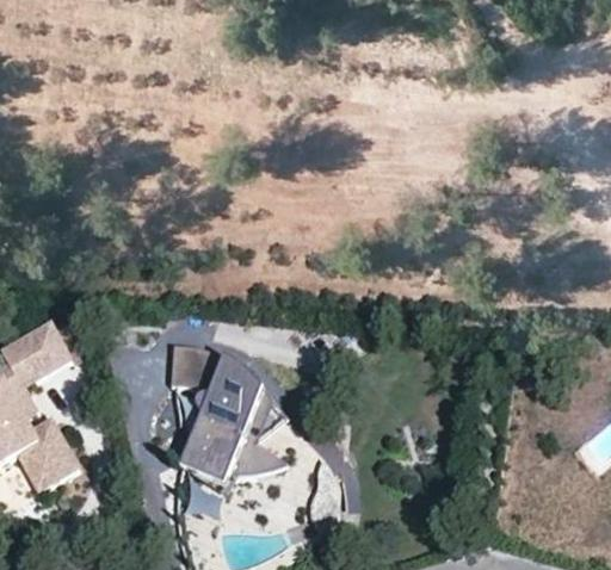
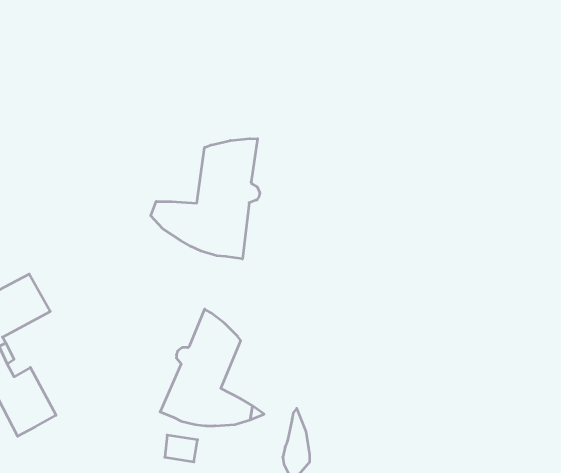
building: none -> [151,139,260,259]
building: [172,345,228,396] -> none

